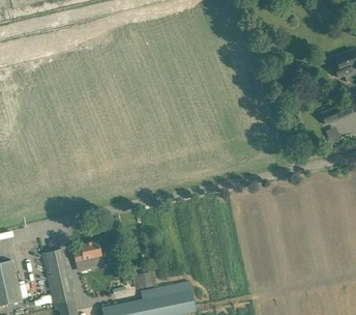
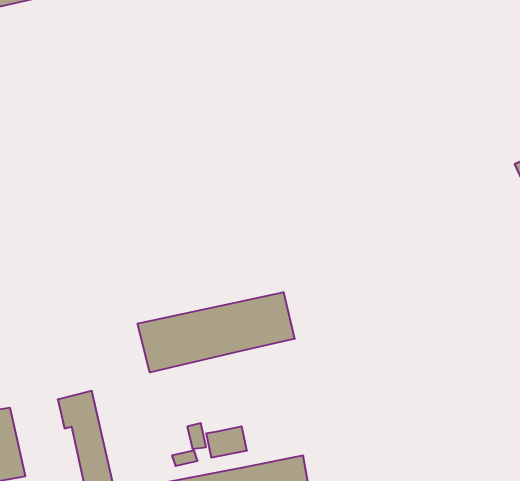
building: none -> [138,292,295,372]
building: [72,239,103,271] -> none

